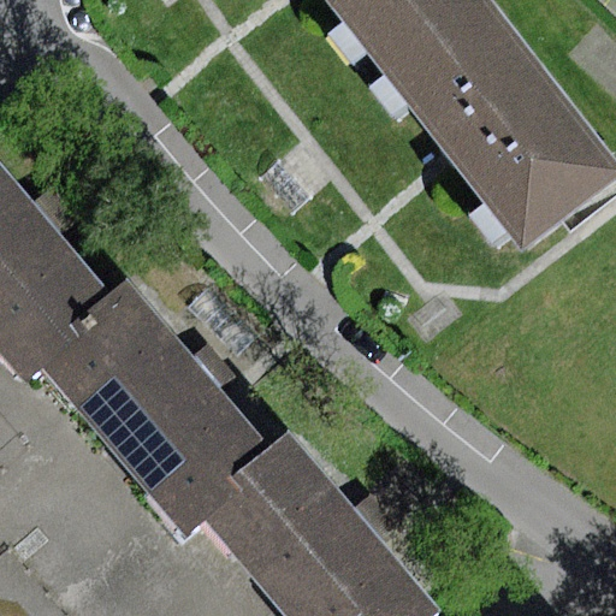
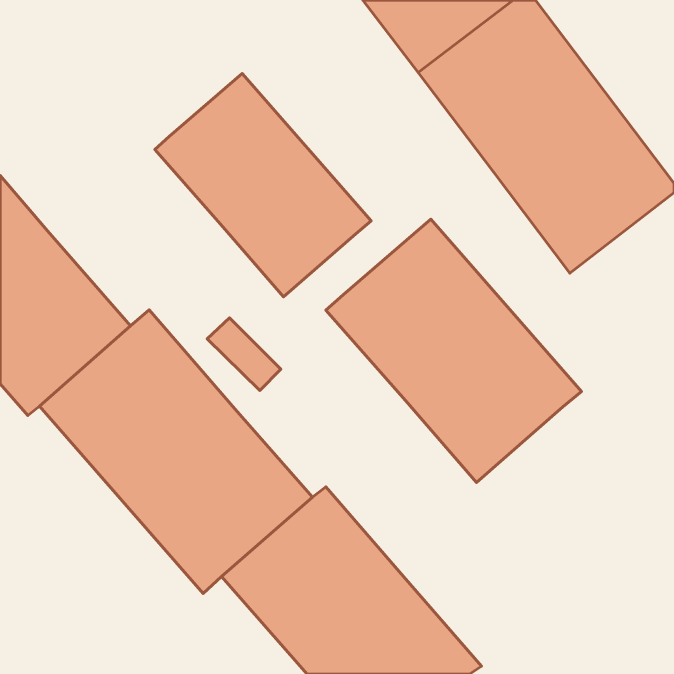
building: none -> [155,73,371,297]
building: none -> [326,219,582,483]

